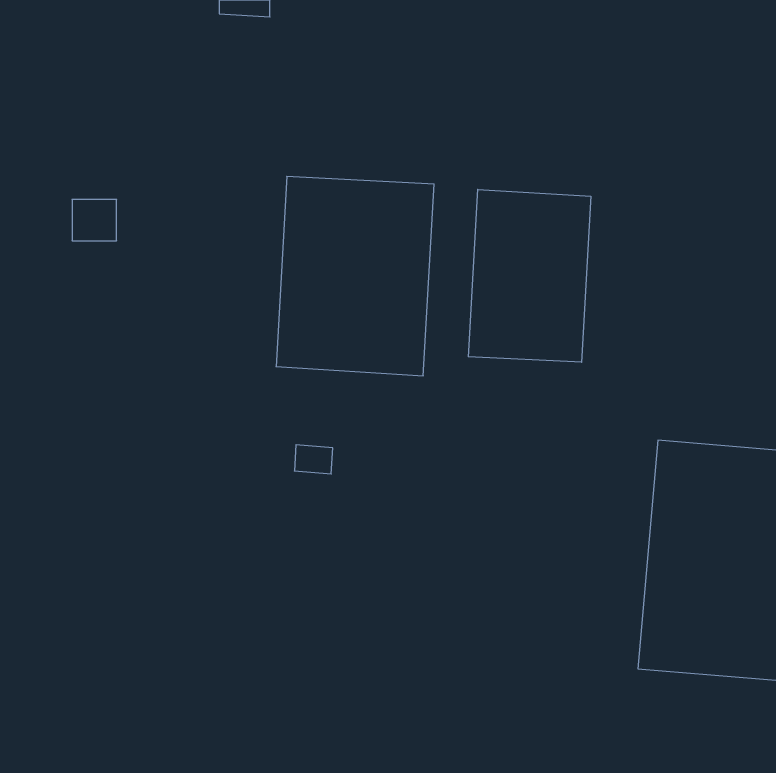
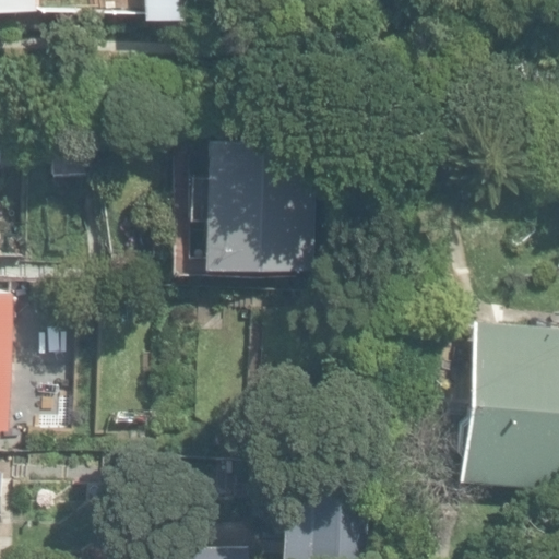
building: [468,189,591,362] -> none

